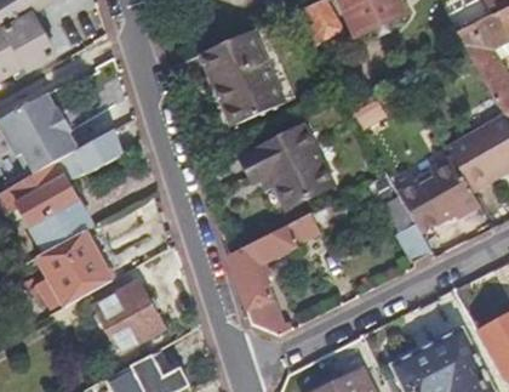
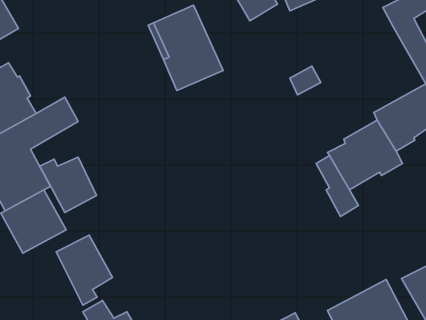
building: [246,124,333,206] -> none
building: none -> [40,157,97,213]
building: [228,212,319,329] -> none

